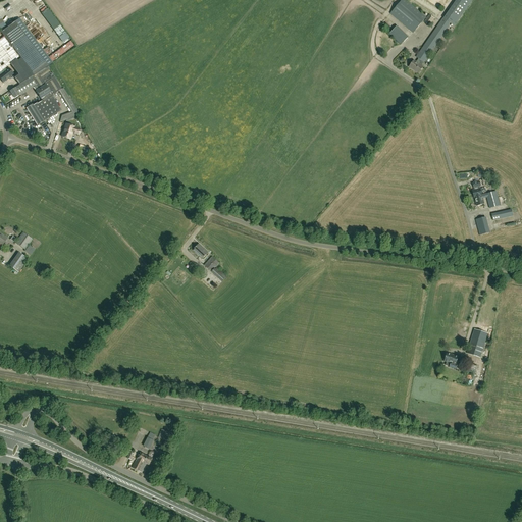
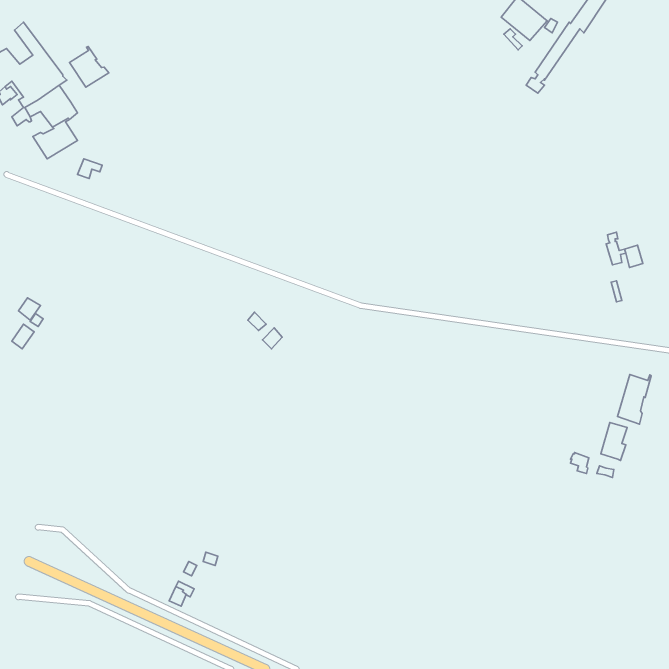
building: none -> [70,46,109,87]
building: none -> [617,374,651,424]

